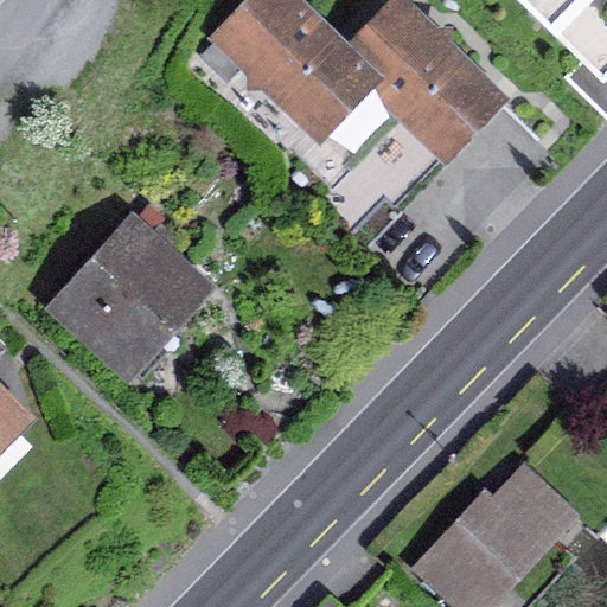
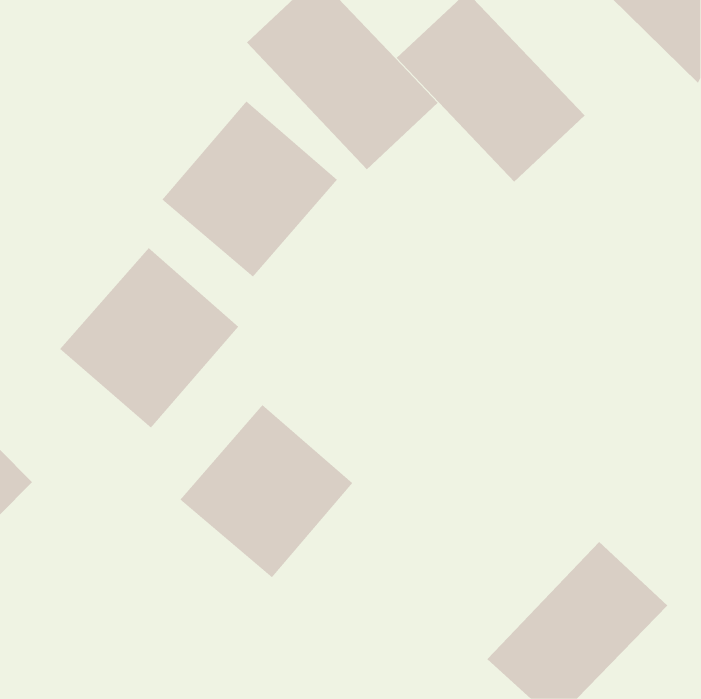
building: none -> [162,100,338,278]
building: none -> [180,404,353,578]

